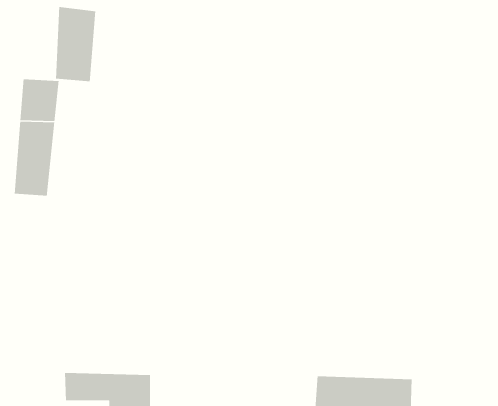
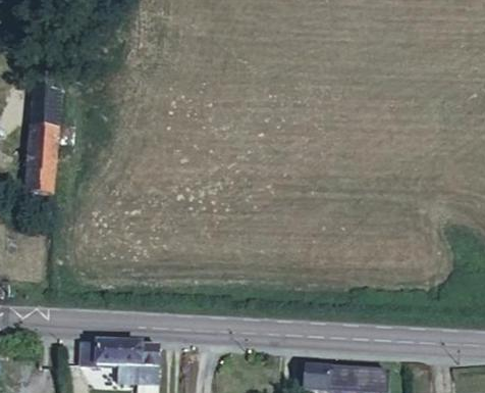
building: [55,6,96,82] -> none

